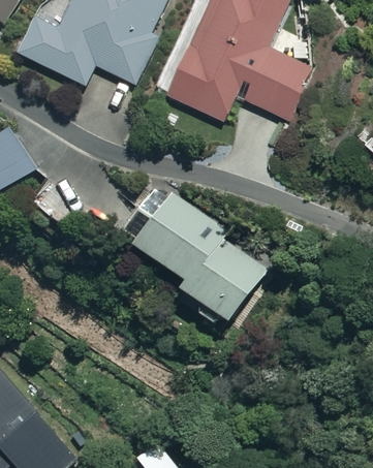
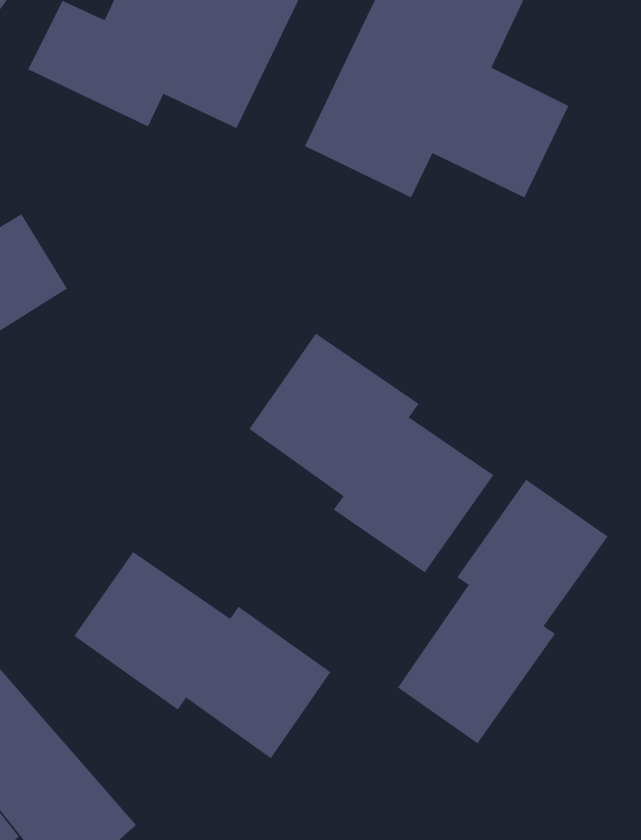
building: none -> [397,479,609,744]
building: none -> [74,551,331,759]

